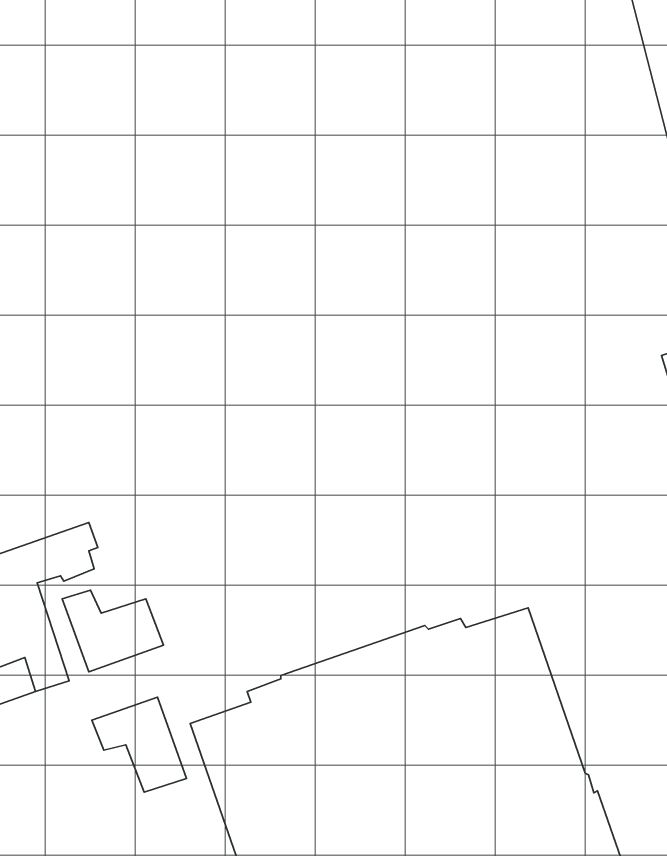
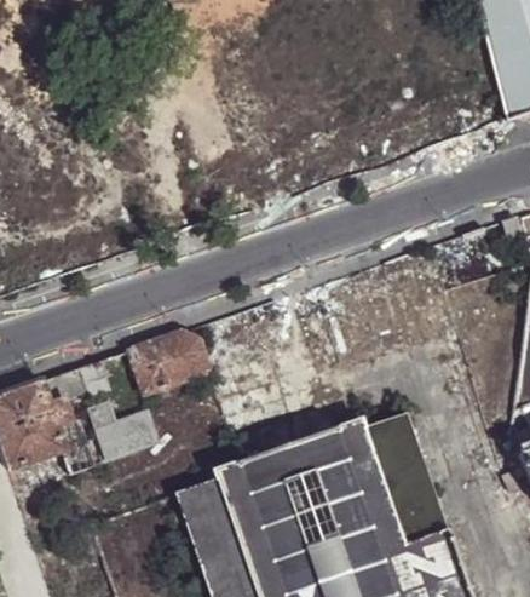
building: none -> [129,333,211,395]
building: [92,697,187,792] -> none

